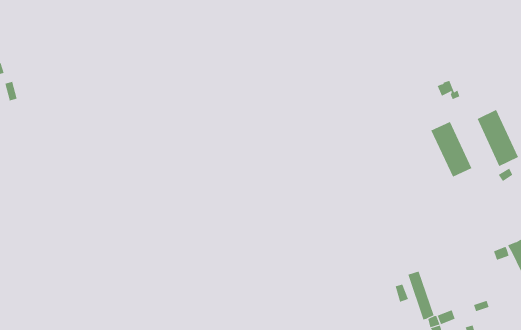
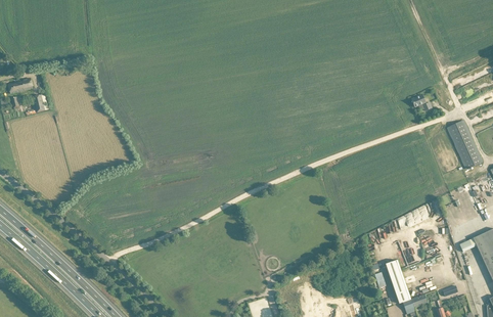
building: [431,121,472,178] -> none

